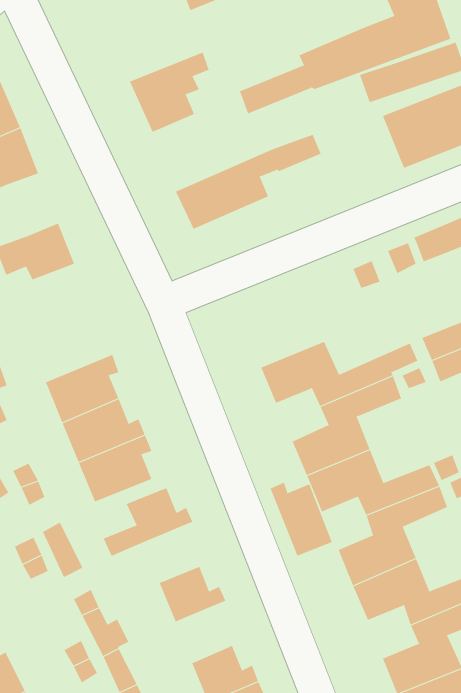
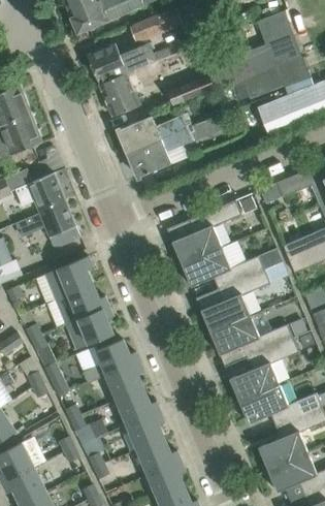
building: none -> [86,42,169,84]
building: none -> [118,114,191,153]
building: none -> [37,198,79,248]
building: none -> [171,199,241,263]
building: [270,482,333,556] -> none
building: none -> [106,360,142,399]
building: none -> [127,410,163,449]

